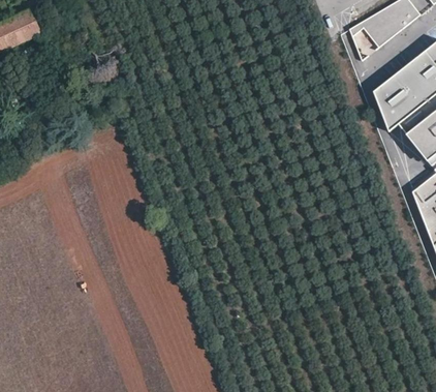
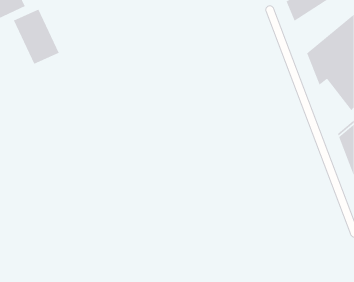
building: none -> [13,8,60,65]

